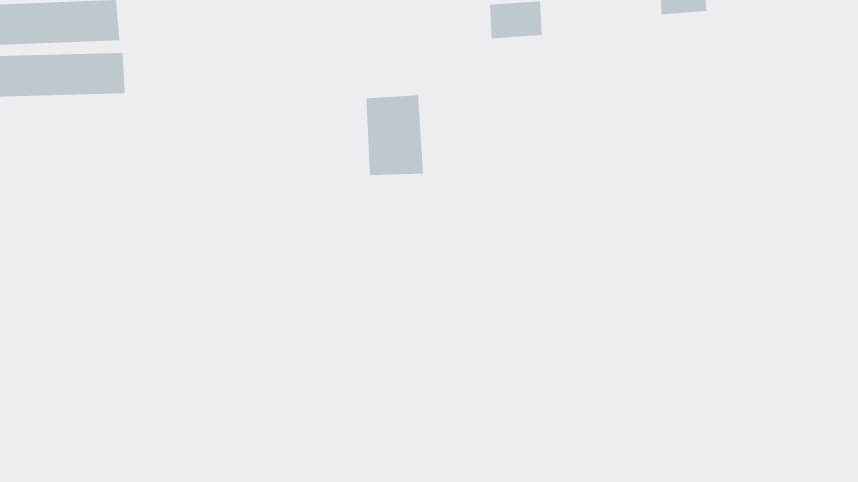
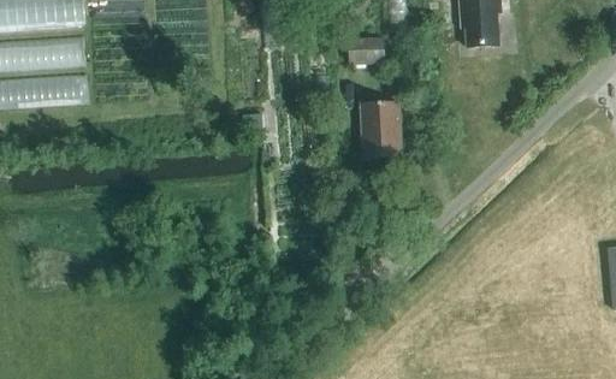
building: [366,95,424,175] -> [360,102,401,159]

